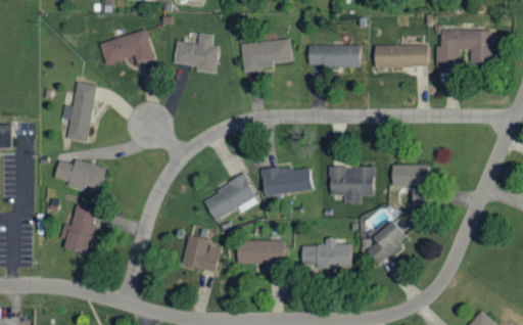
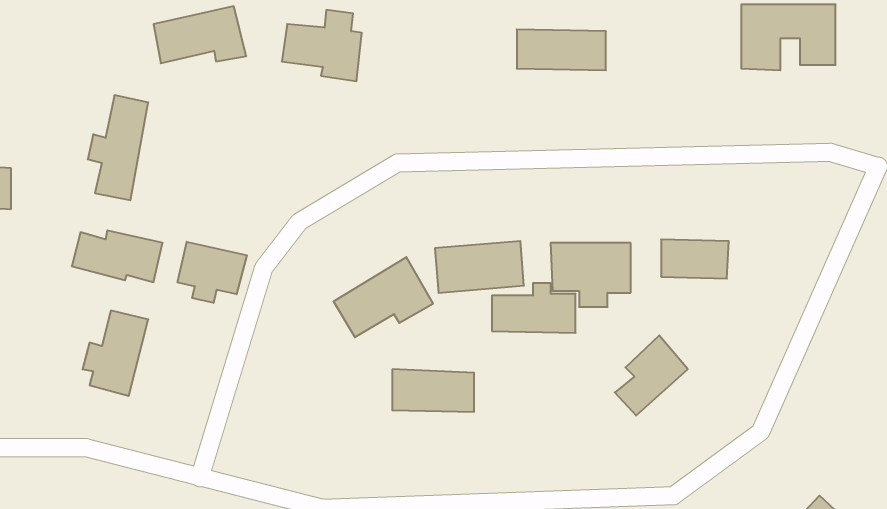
building: [242,40,292,71] -> none
building: [374,44,428,68] -> none
building: none -> [178,242,247,303]
building: [181,236,223,273] -> none
building: [302,238,350,267] -> [492,283,576,333]

